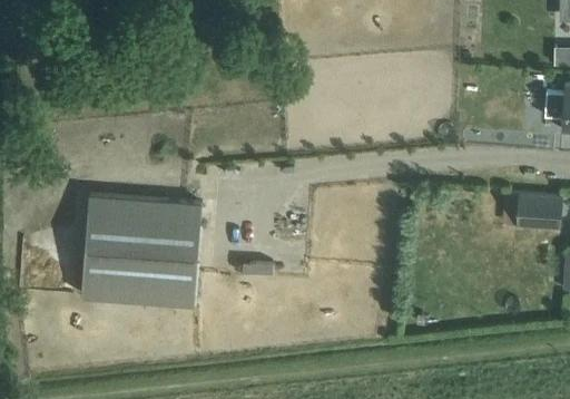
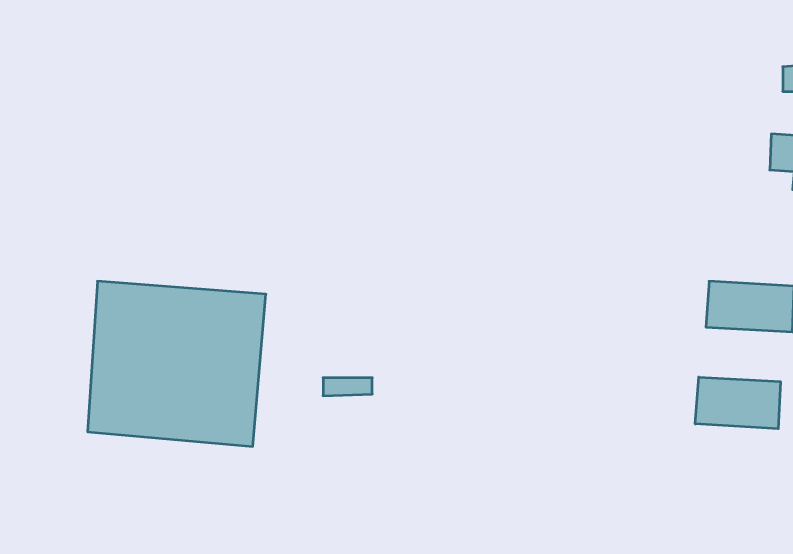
building: none -> [695,377,780,429]

